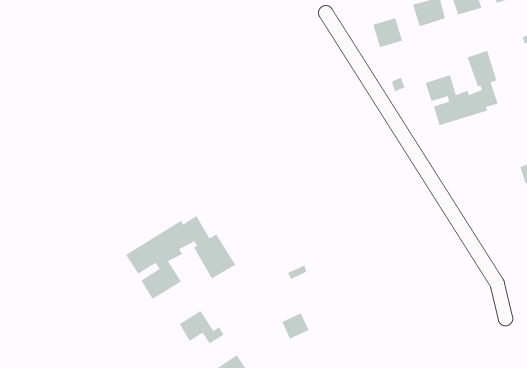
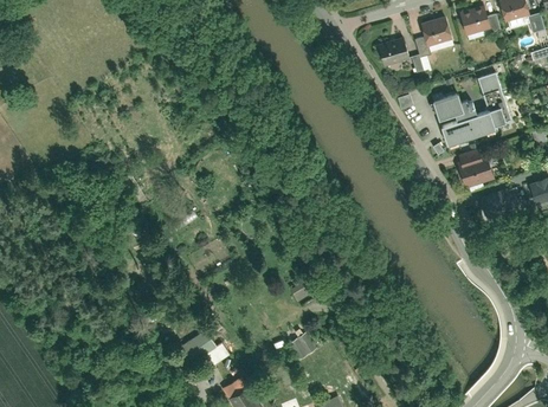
building: none -> [459,149,495,188]
building: none -> [479,190,515,220]
building: [125,215,236,300] -> none

